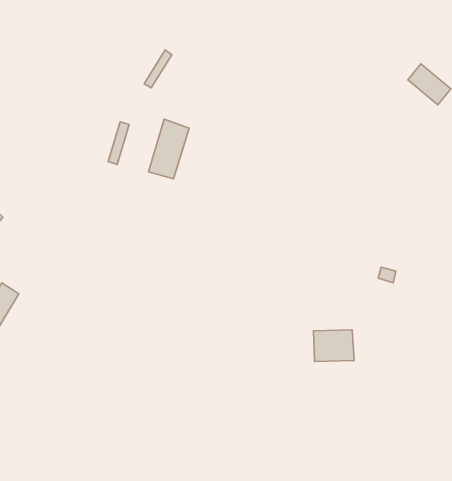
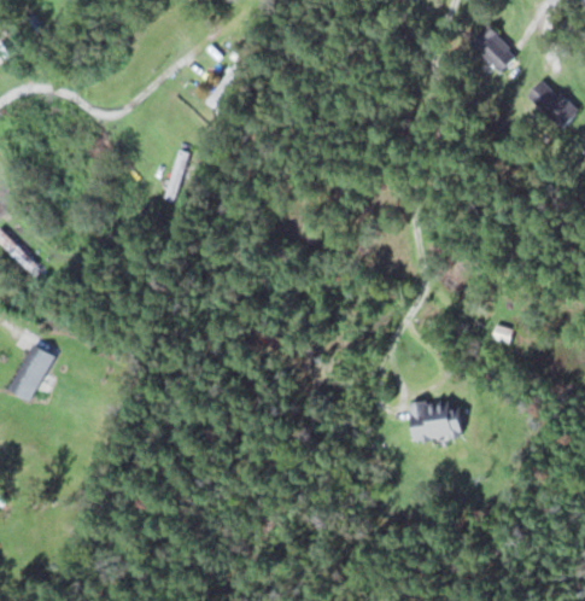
building: none -> [470,25,517,72]
building: [148,119,189,179] -> none

